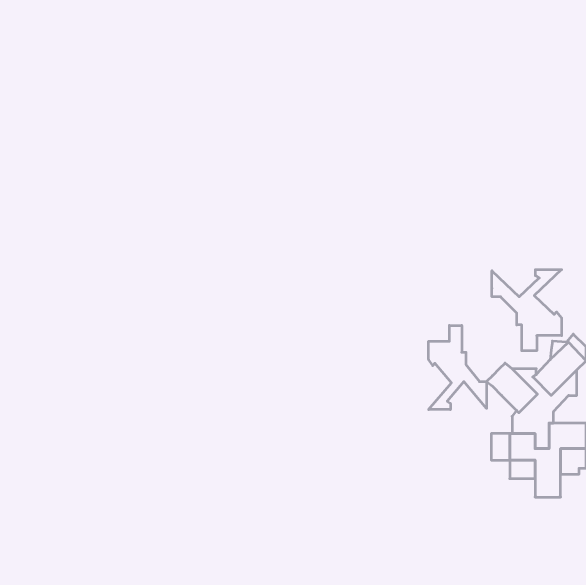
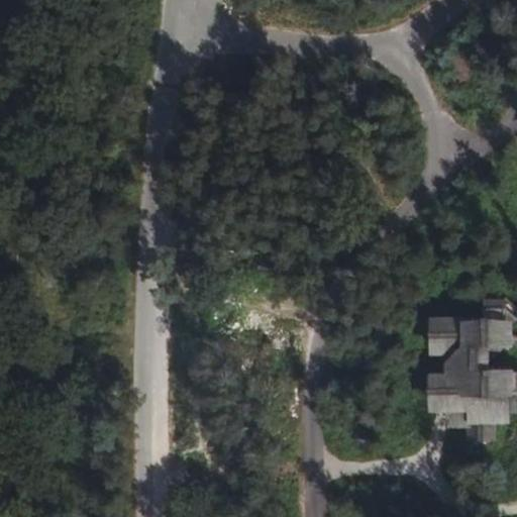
building: [492,270,562,351] -> none
building: [429,325,487,410] -> none

